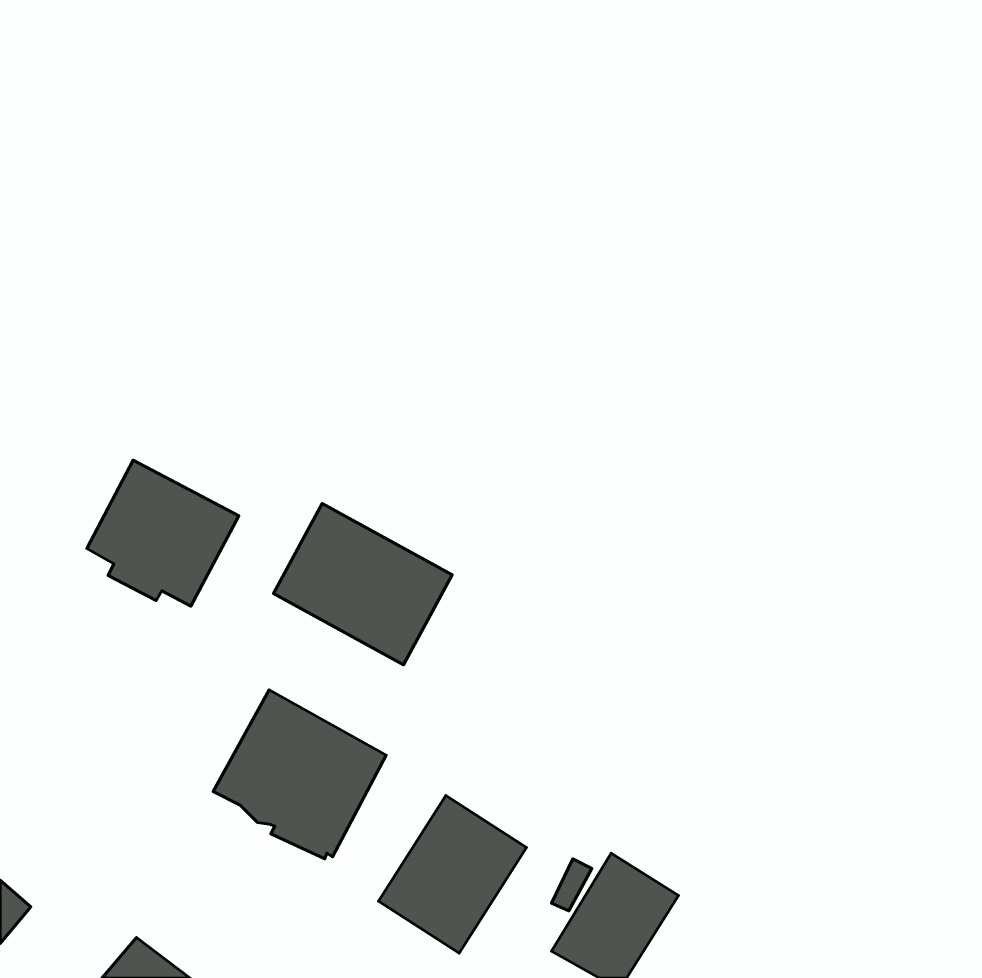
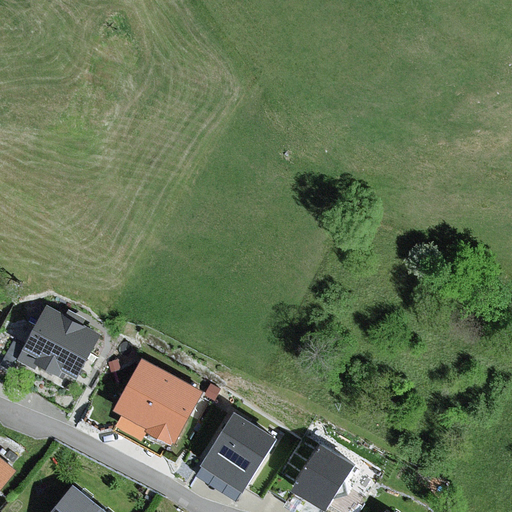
building: [87,460,239,606] -> [21,305,100,381]
building: [273,503,452,665] -> none

